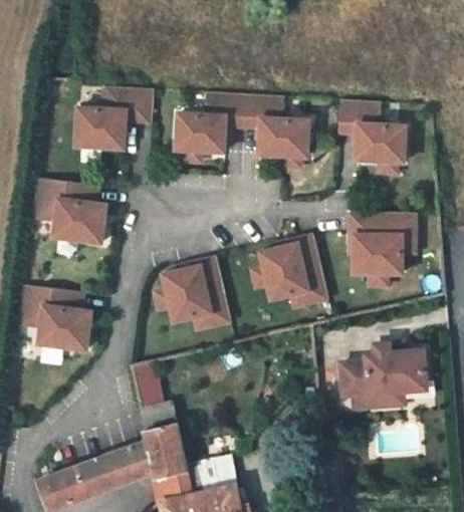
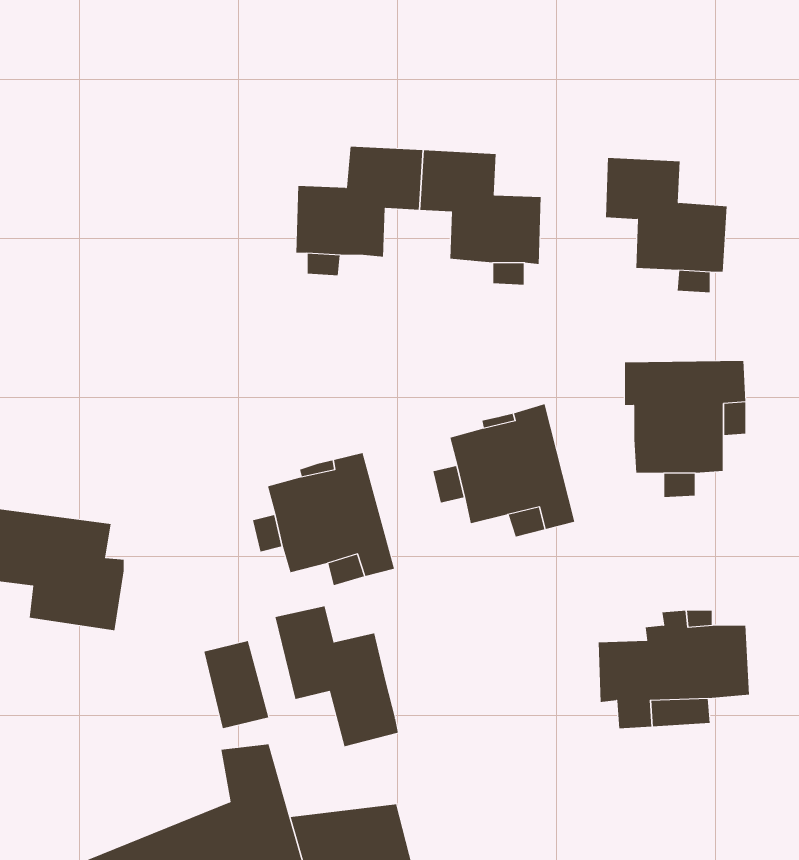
building: [75,89,152,151] -> none
building: [29,181,102,246] -> none
building: none -> [275,606,398,747]

